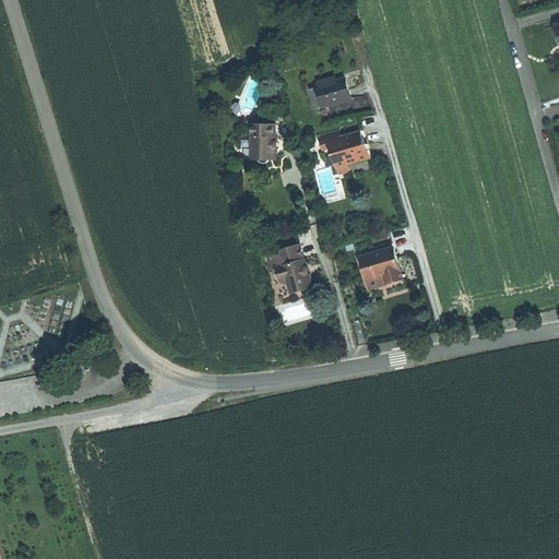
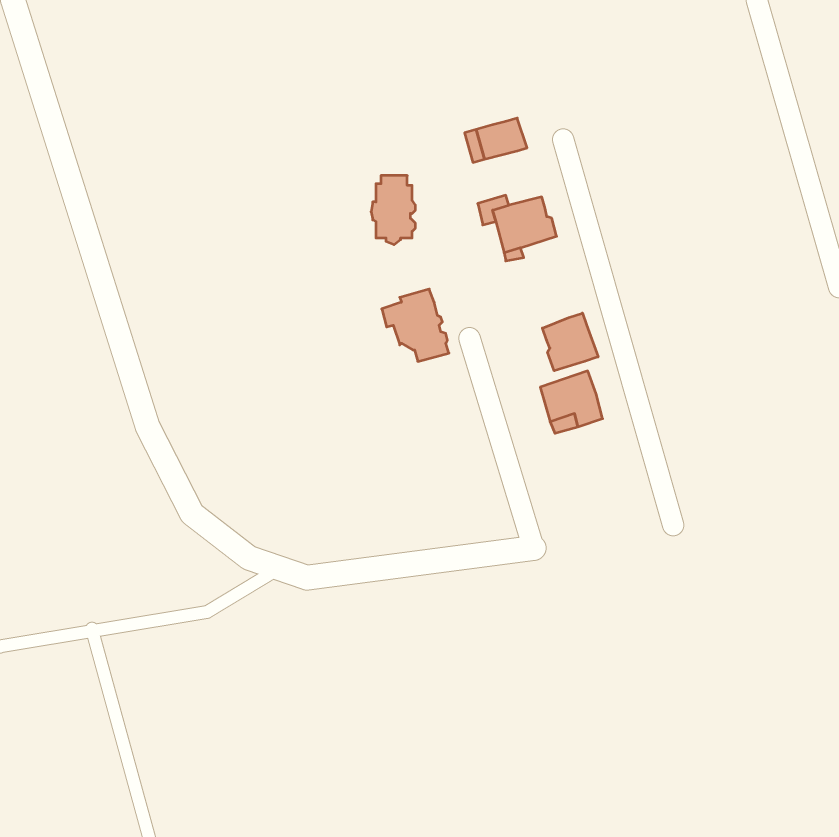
building: none -> [542,313,598,371]
building: [265,245,310,293] -> [382,289,449,361]

